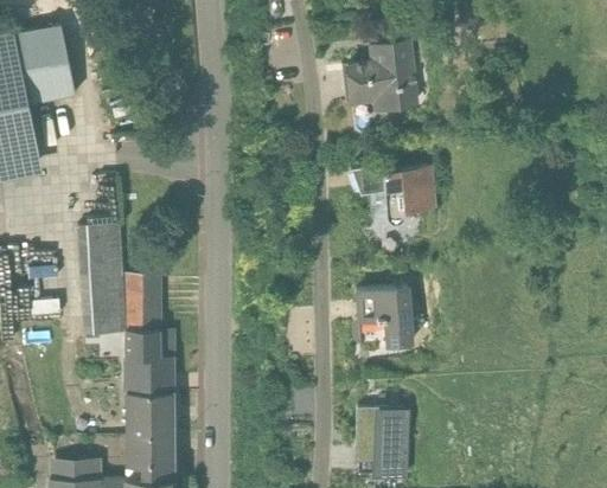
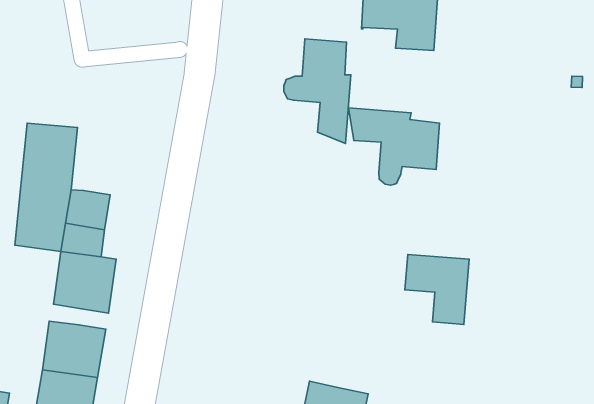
building: none -> [284,39,351,143]
building: [356,287,414,346] -> [405,254,469,324]

